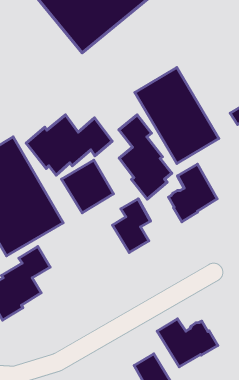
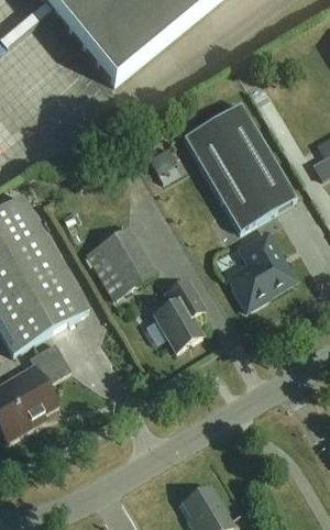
building: [119,115,172,199] -> none
building: [26,115,112,175] -> none
building: [157,319,218,367] -> none

